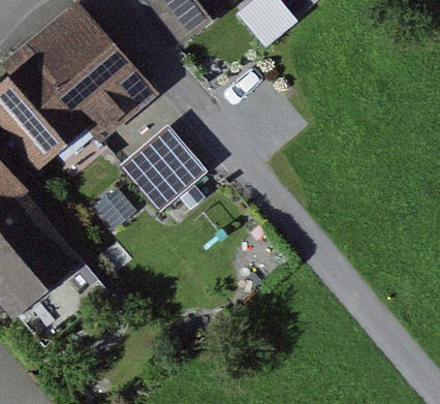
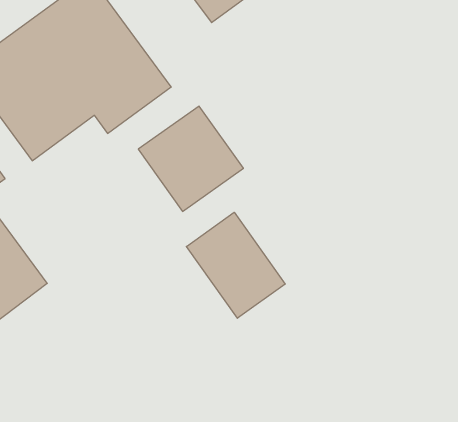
building: none -> [186,212,285,318]

